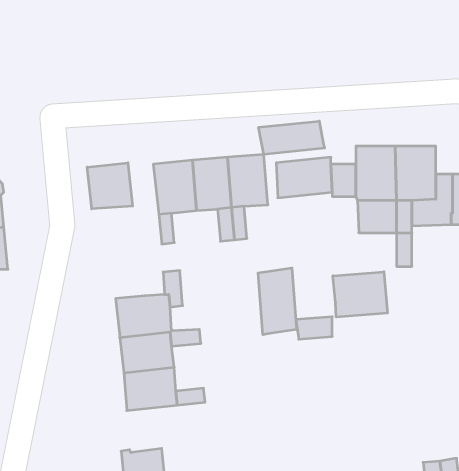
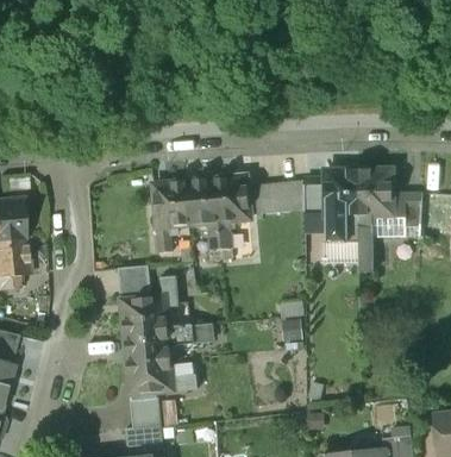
building: [259,121,325,154] -> none
building: [87,163,133,209] -> none
building: none -> [118,264,150,299]
building: [258,268,297,335] -> none
building: [333,272,387,317] -> none
building: none -> [130,399,159,430]

